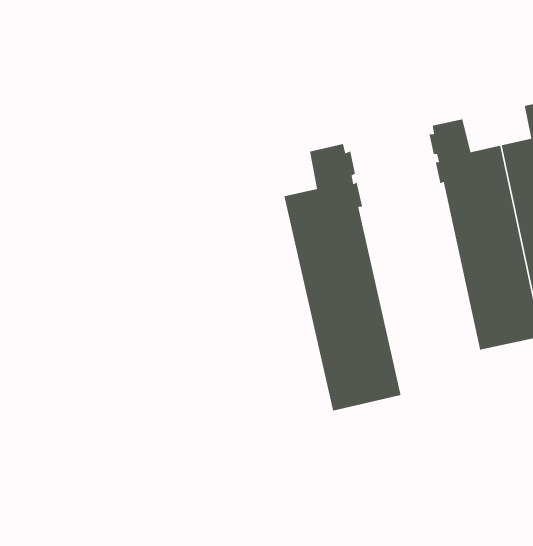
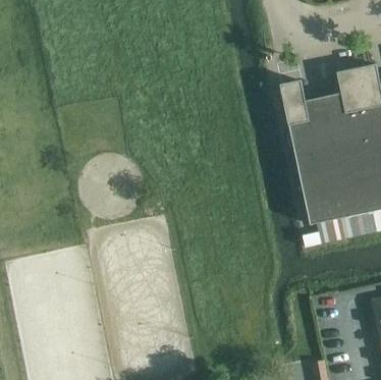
building: [283,143,402,411] -> none

